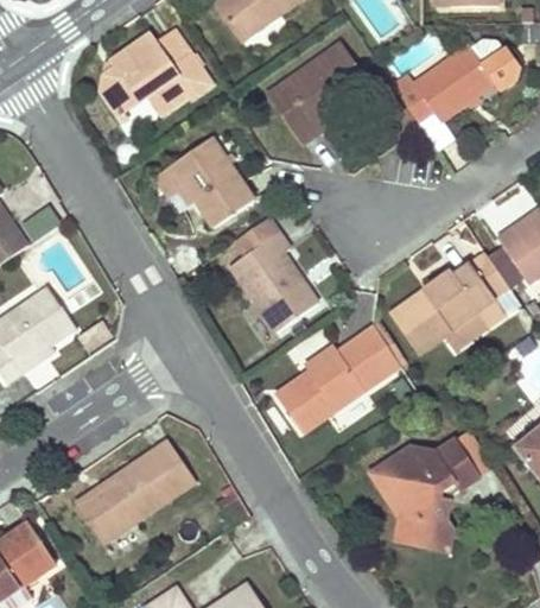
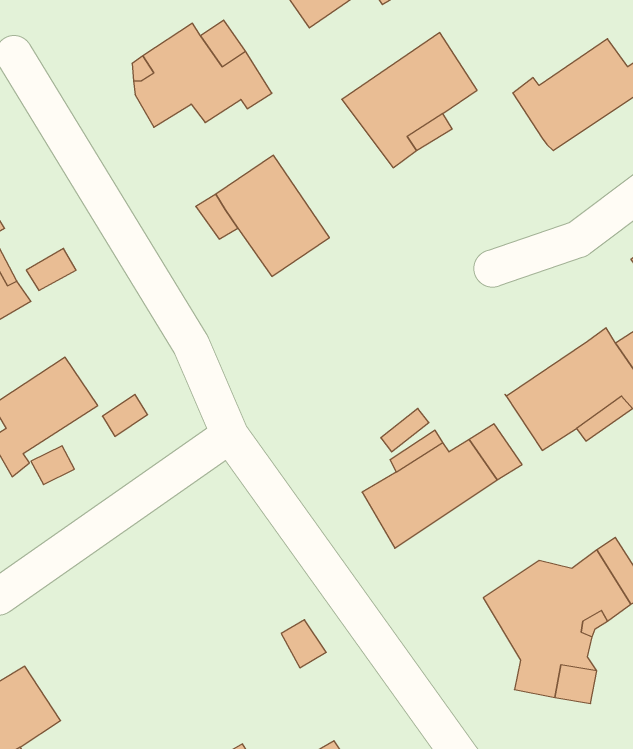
building: [228,232,316,331] -> none
building: [75,436,198,542] -> none

